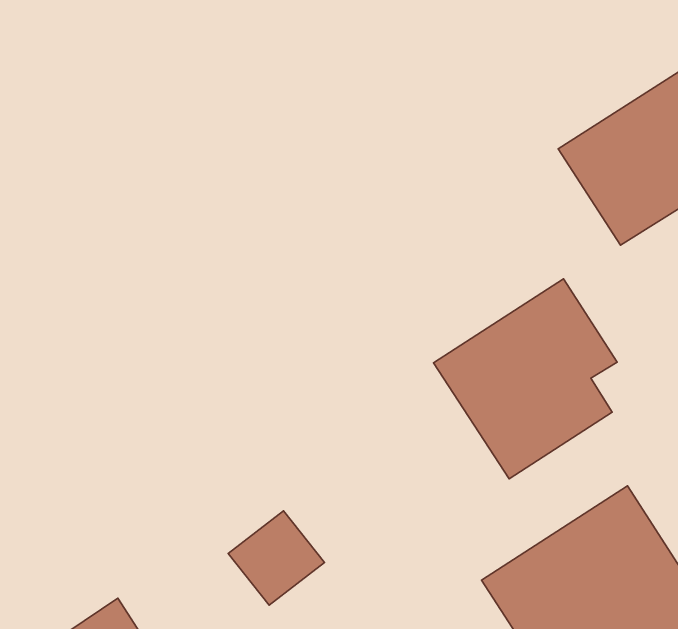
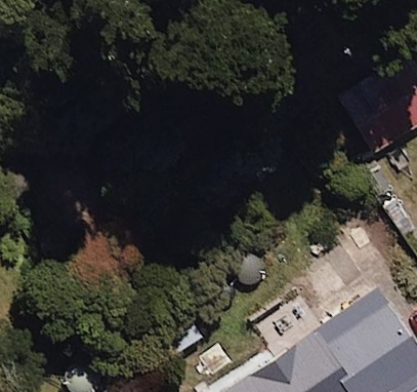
building: [434,279,617,479] -> none

